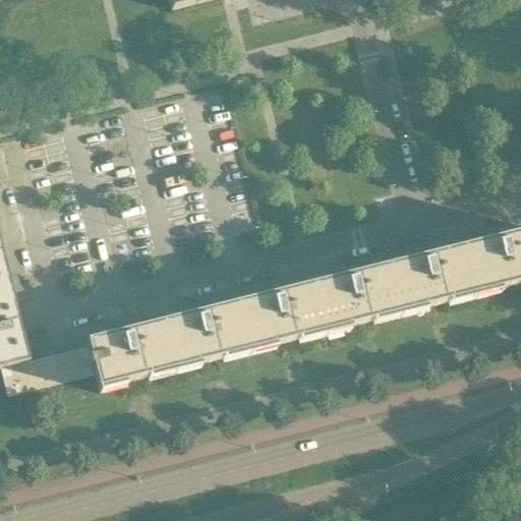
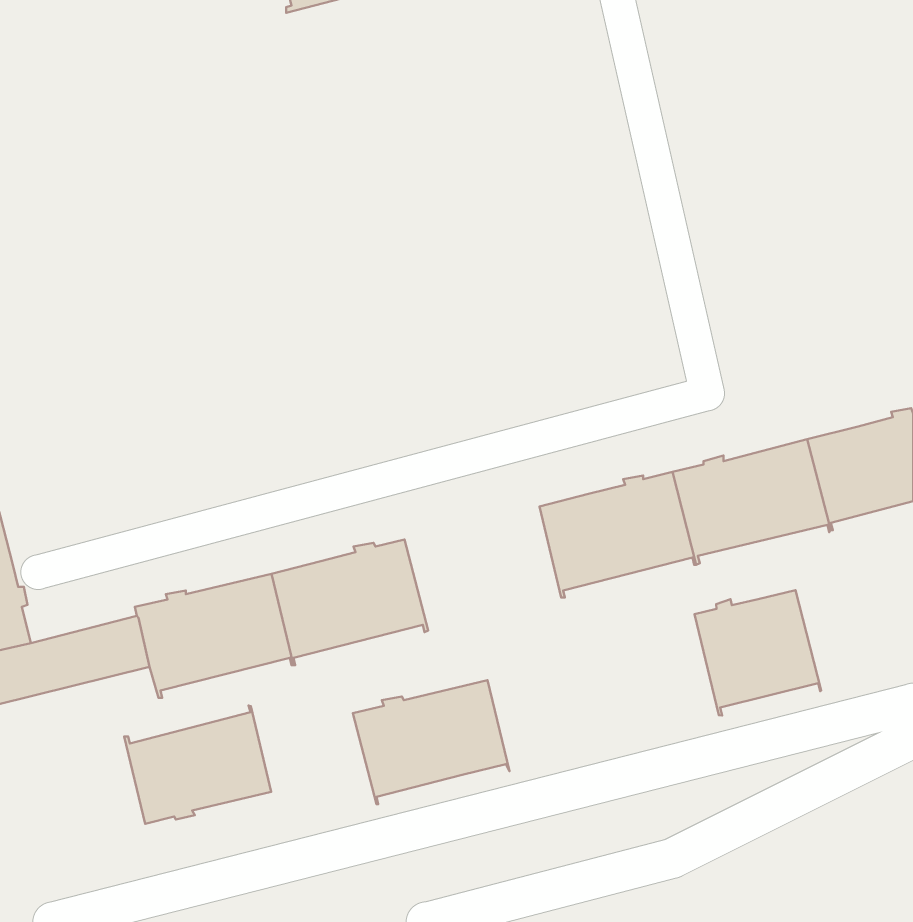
building: [226,283,313,352] -> [353,680,509,804]
building: none -> [694,590,821,715]
building: none -> [124,705,271,824]

